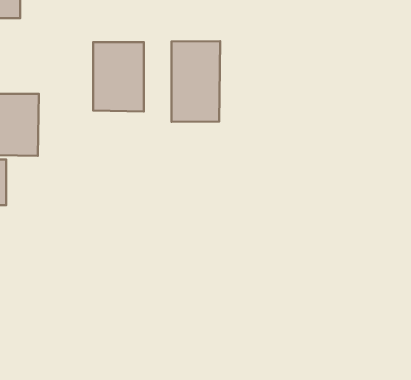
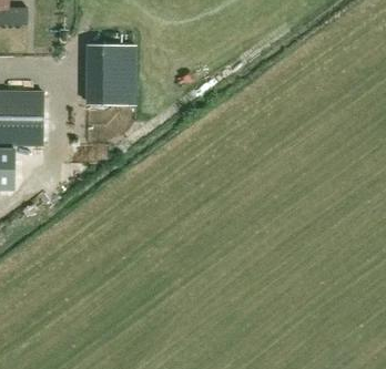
building: [171,41,220,122] -> none

